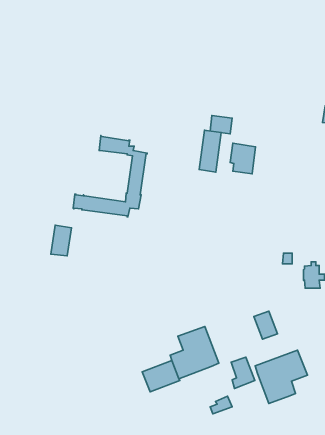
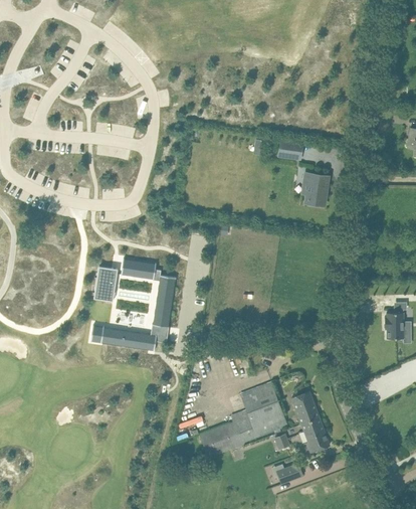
building: [199,130,221,172] -> none
building: [73,136,147,217] -> [90,258,176,351]
building: [254,311,277,339] -> [291,391,319,423]
building: [255,350,307,404] -> none

